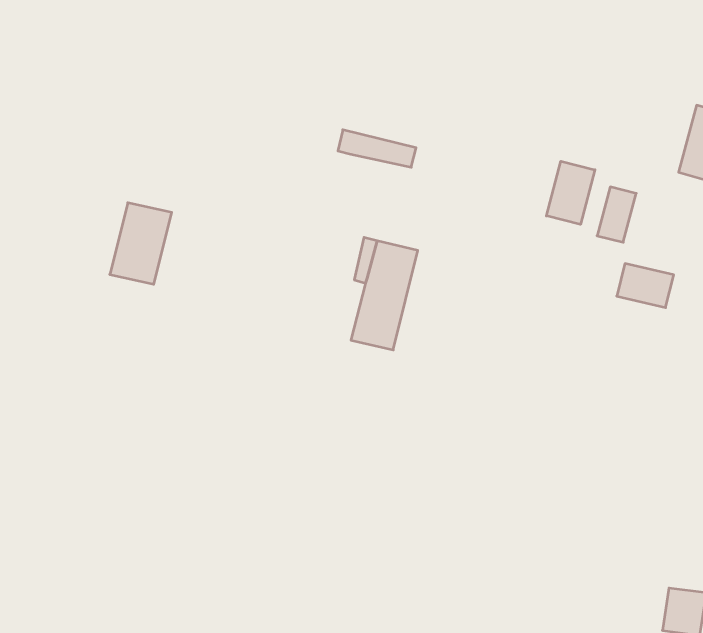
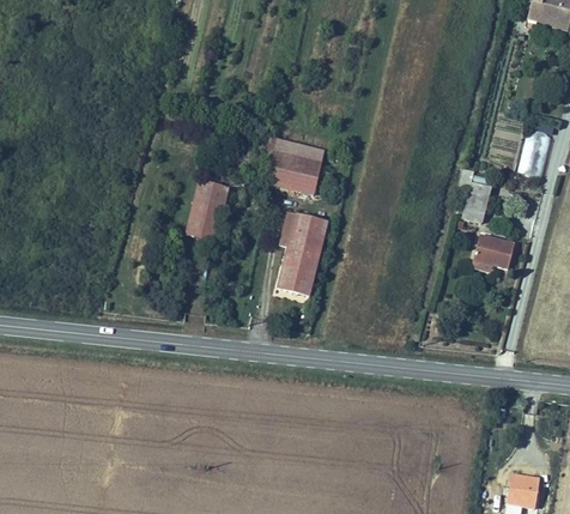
building: none -> [269,155,328,198]
building: [546,161,595,224] -> none
building: [110,203,172,284] -> [183,182,229,242]

